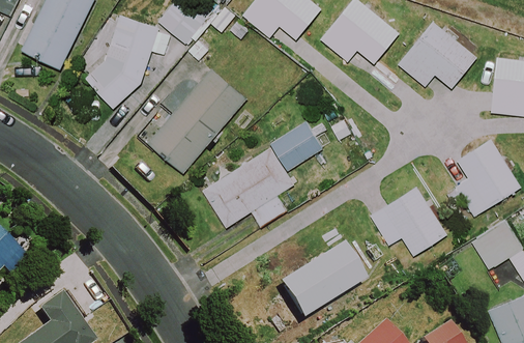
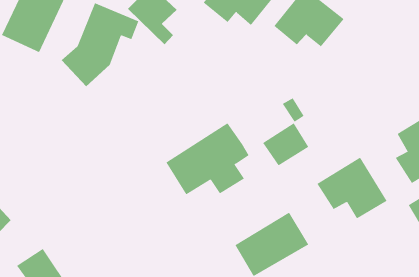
building: [400,21,477,87] -> none
building: [136,66,271,173] -> none
building: [270,121,322,170] -> [262,123,309,166]

